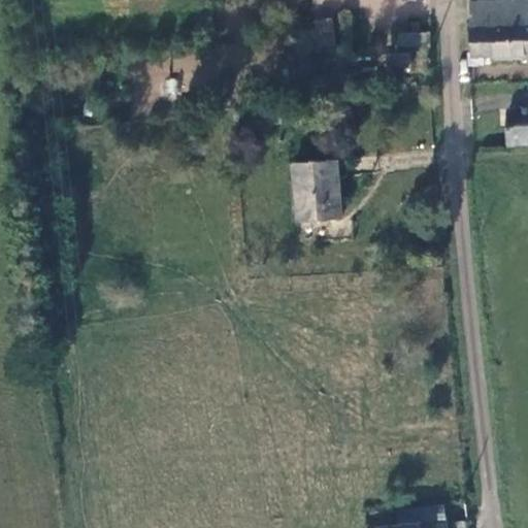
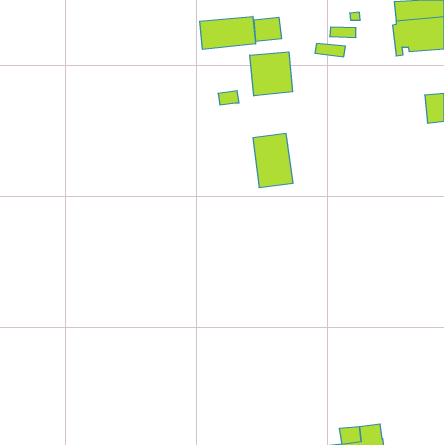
building: none -> [200,16,256,49]
building: none -> [250,52,293,96]

